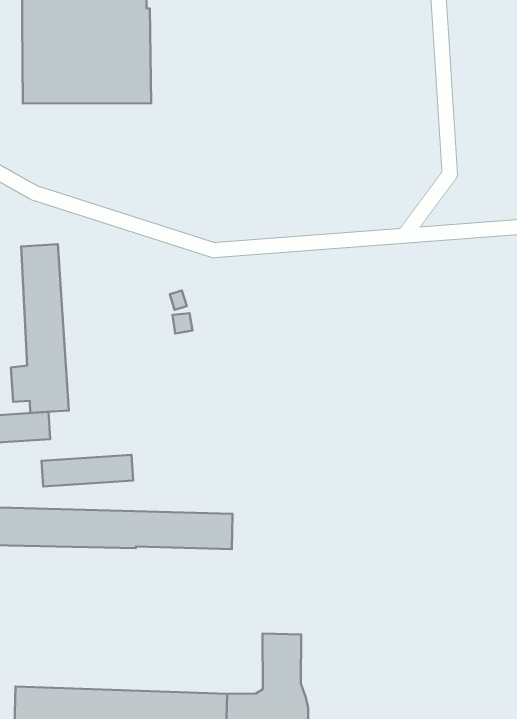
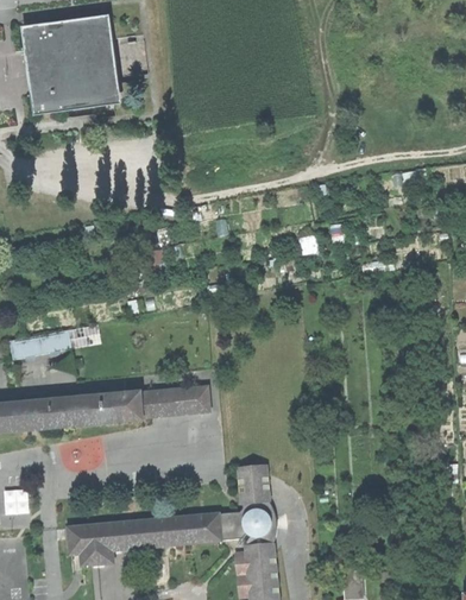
building: [11,244,69,413] -> none
building: [42,455,133,486] -> none

